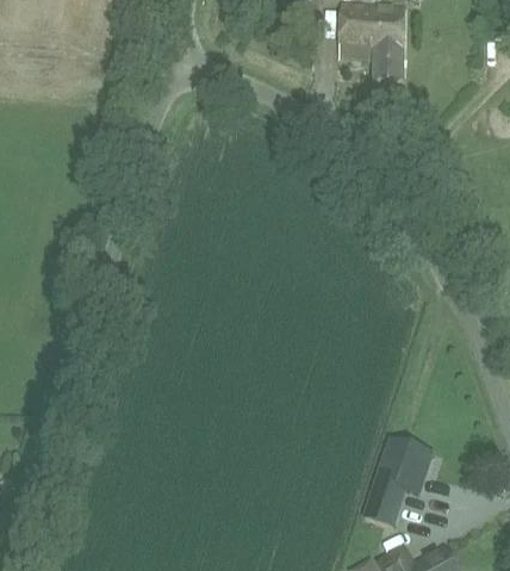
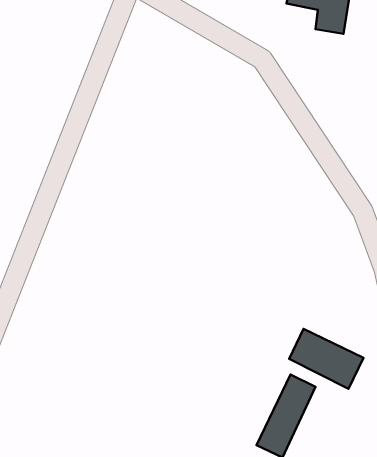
building: none -> [289,329,364,389]

